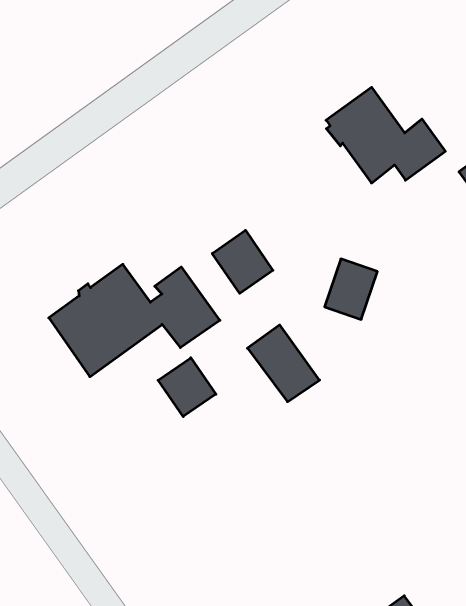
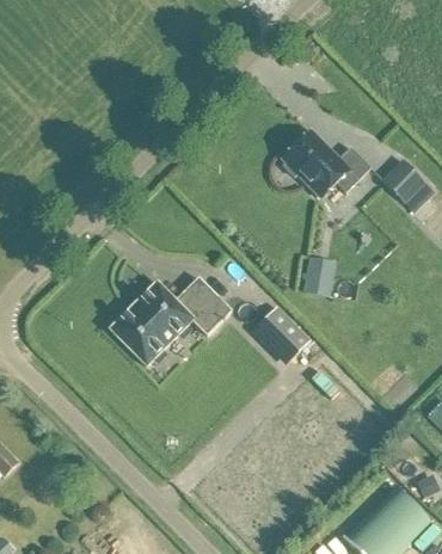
building: [212,230,273,293] -> none
building: [158,358,216,417] -> none

